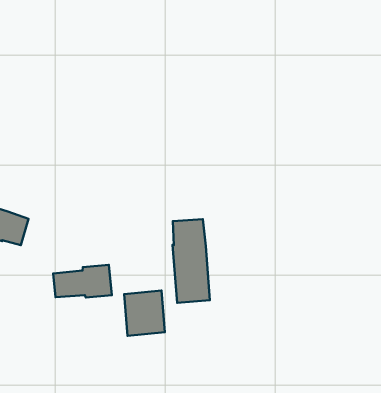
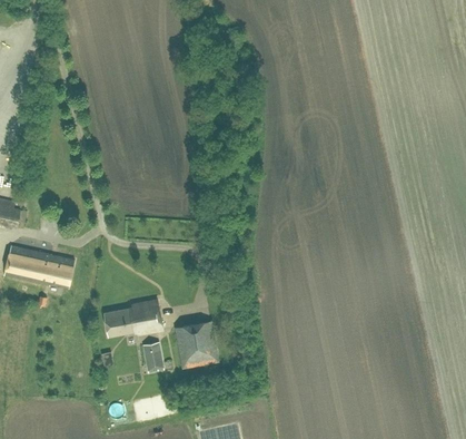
building: [173,219,210,303] -> none
building: none -> [142,342,162,372]

